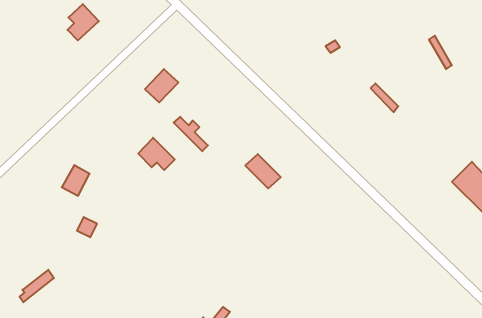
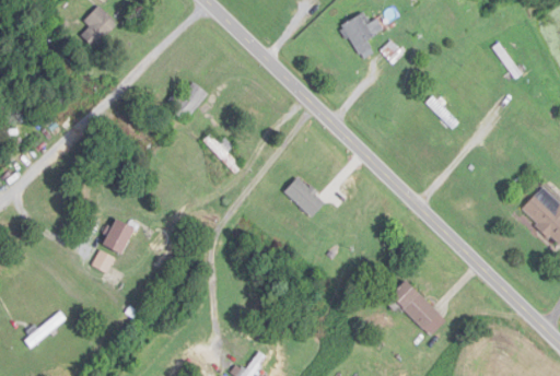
building: none -> [340,12,383,55]
building: [138,138,175,170] -> none
building: [62,165,90,196] -> [103,219,135,254]
building: none -> [390,279,439,328]

